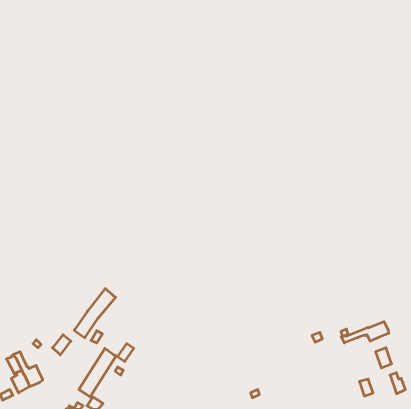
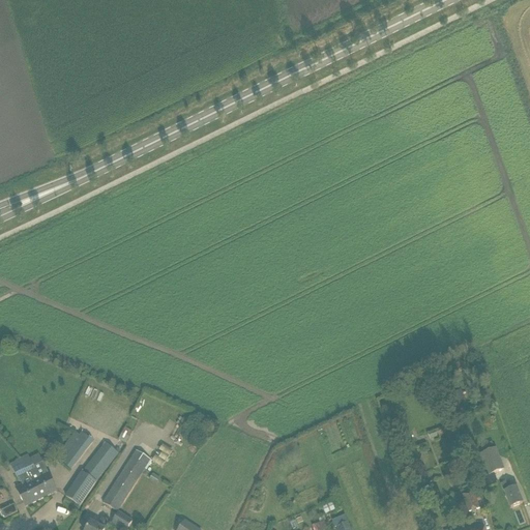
building: [74,289,116,338] -> [65,440,118,503]
building: [341,322,389,343] -> none

